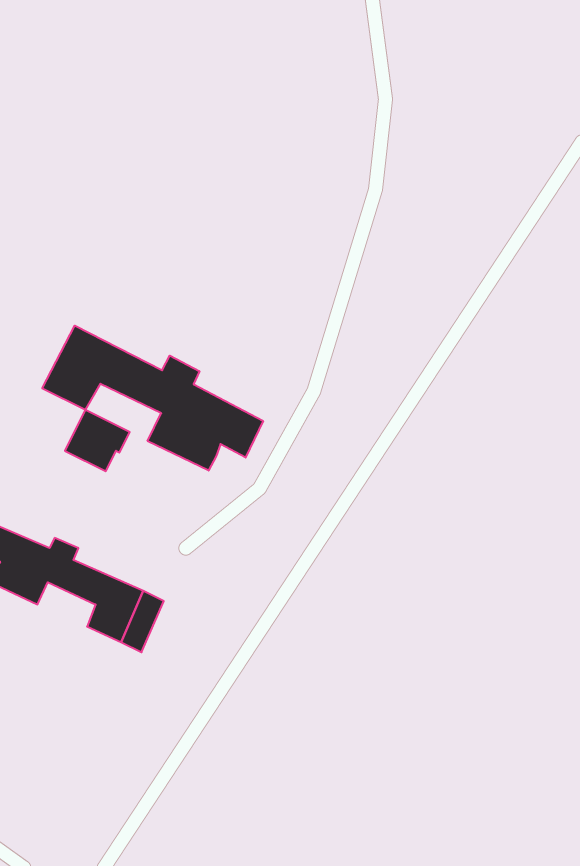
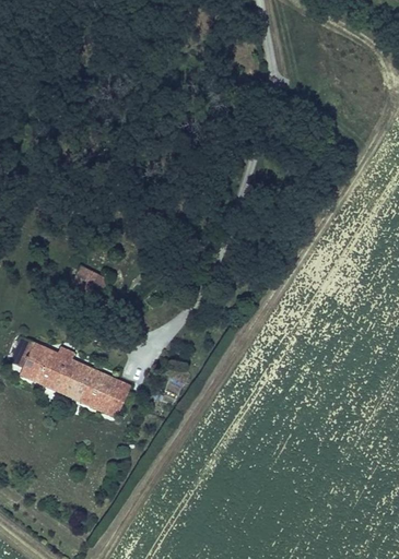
building: [42,326,263,471] -> none
building: none -> [49,373,86,402]

